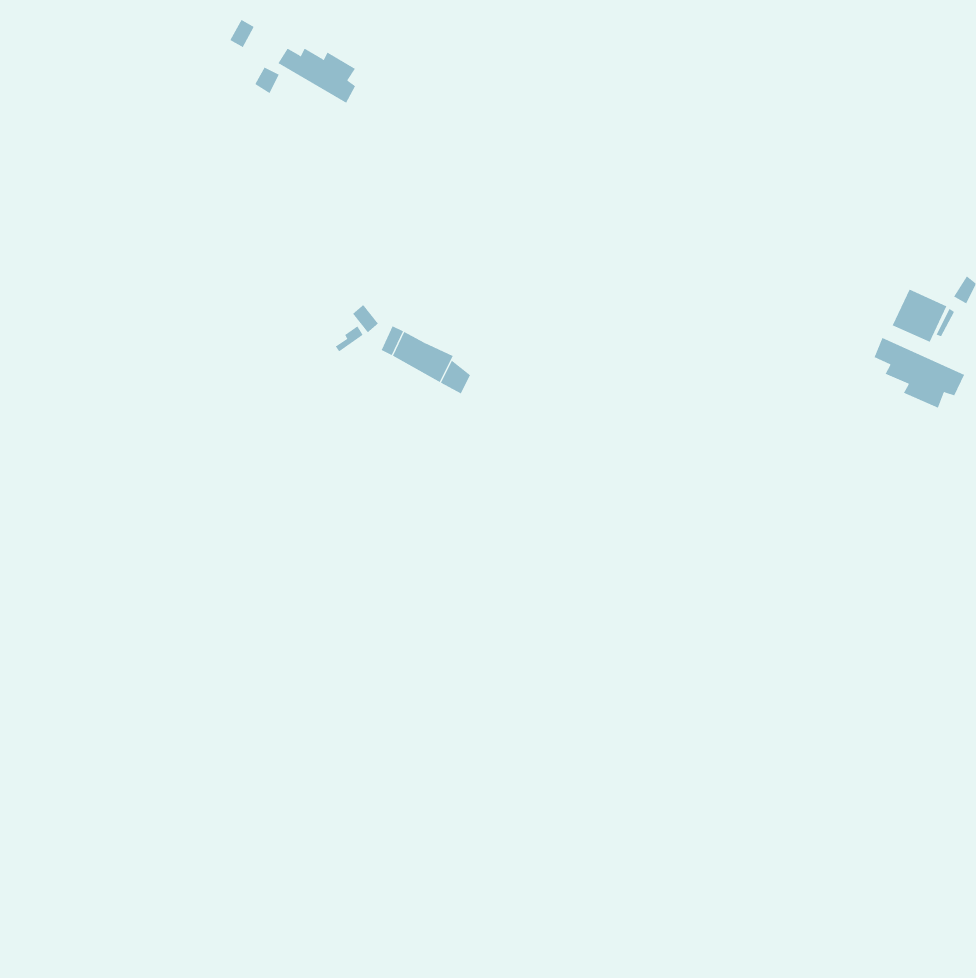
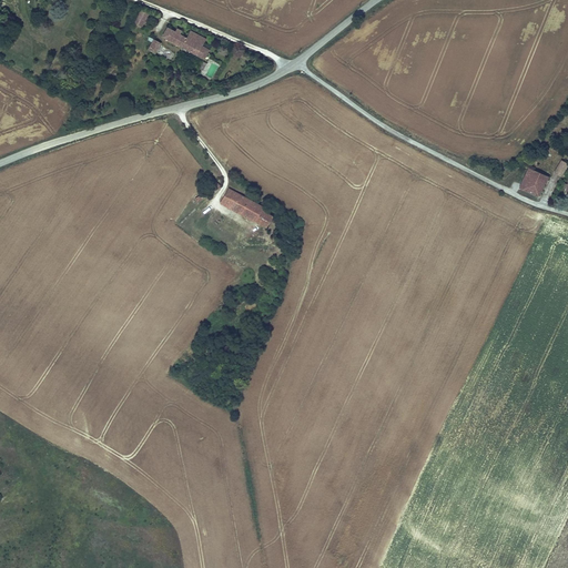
building: [874,337,965,408] -> none

